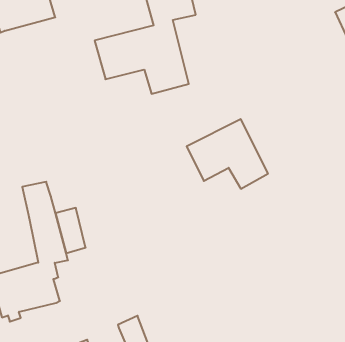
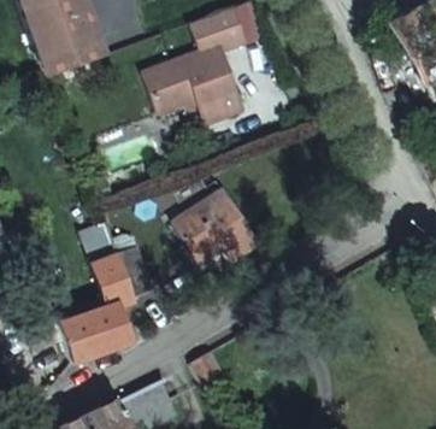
building: [187,119,268,189] -> [177,188,263,259]

